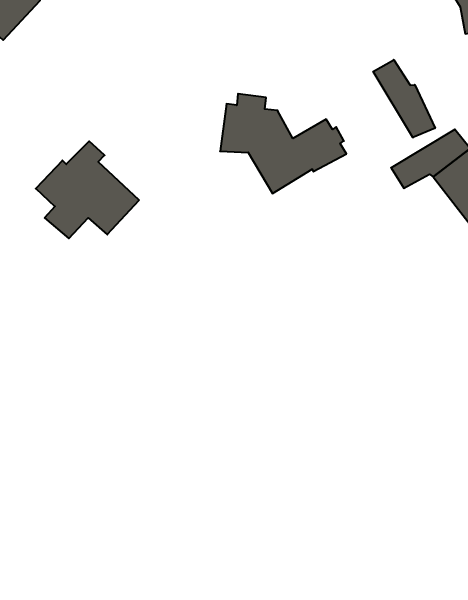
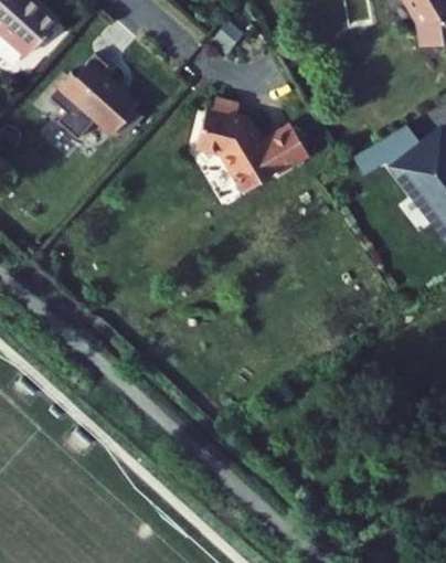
building: [373,60,435,138] -> none
building: [36,141,139,238] -> [38,54,127,138]

